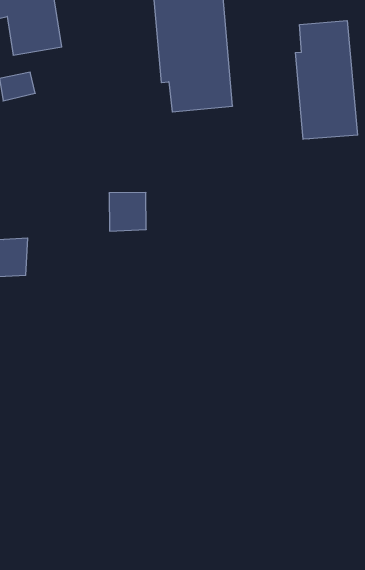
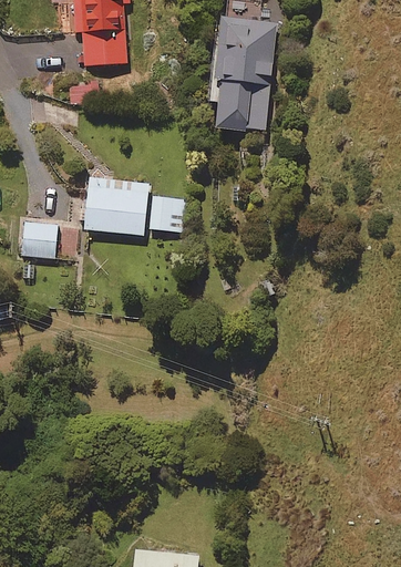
building: [295,21,358,139] -> none
building: none -> [83,177,148,235]

